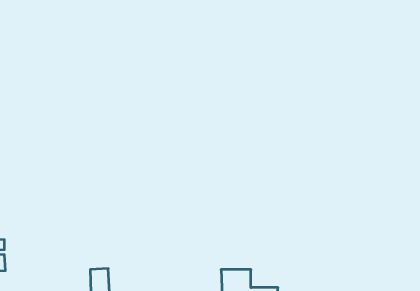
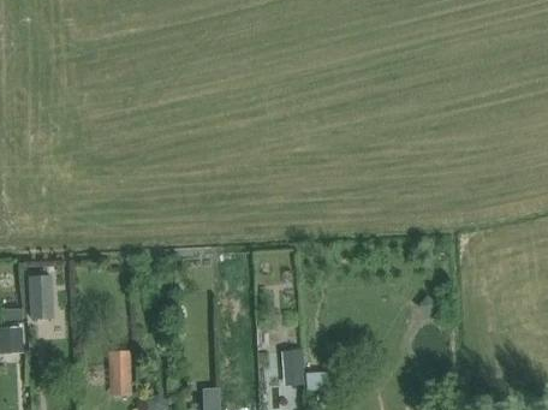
building: none -> [29,277,53,321]

